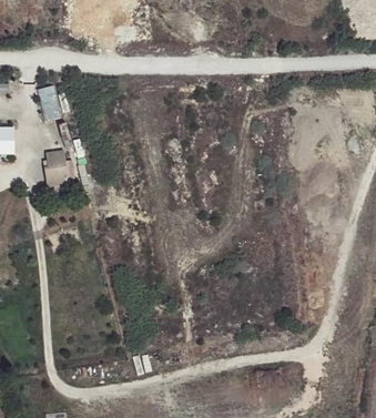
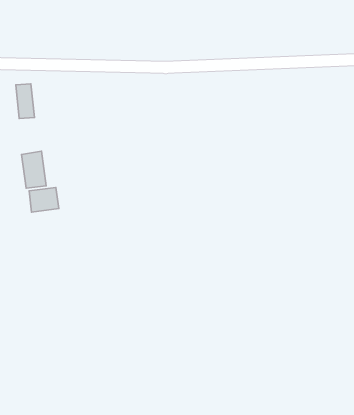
building: none -> [29,187,59,212]

